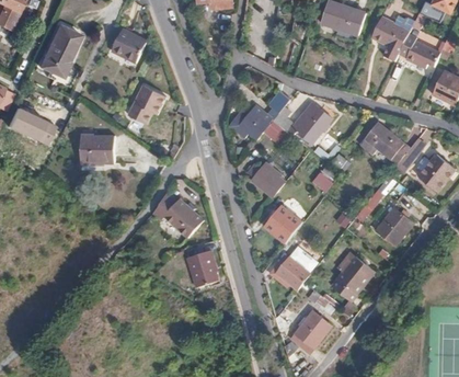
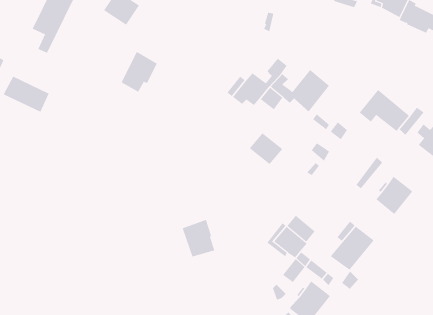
building: [80,135,114,162] -> none
building: [149,190,207,229] -> none
building: [263,205,297,242] -> none

